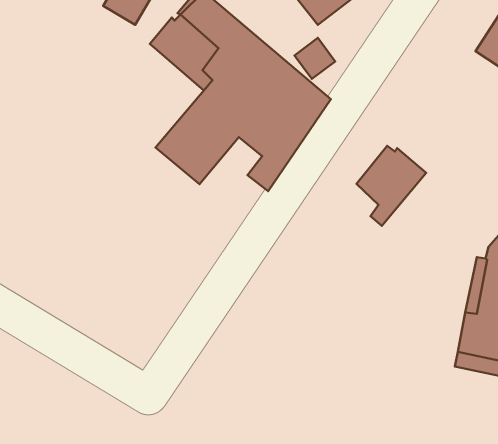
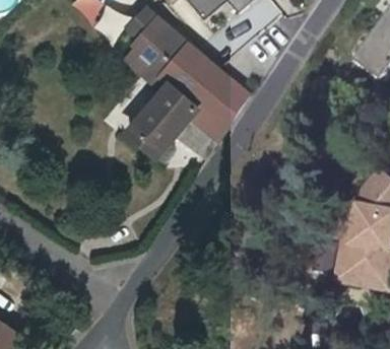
building: [356,146,426,226] -> none

